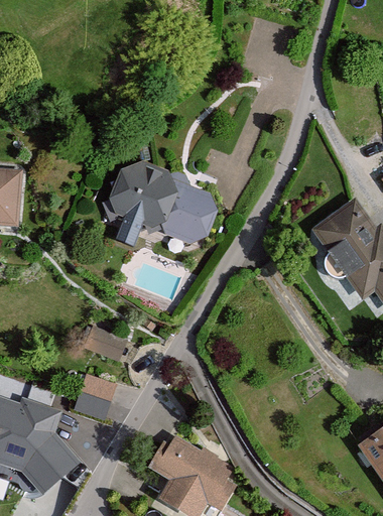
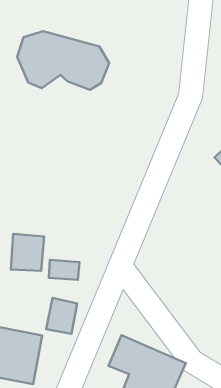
building: [105,161,217,241] -> [17,31,109,90]
building: none -> [11,234,44,271]

